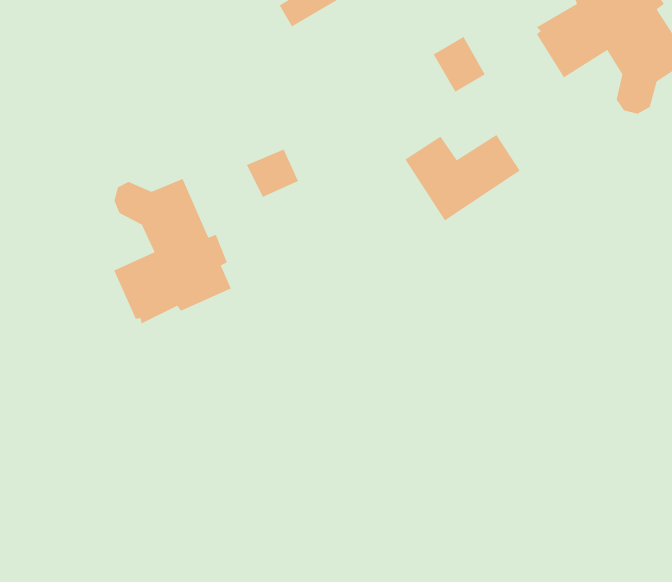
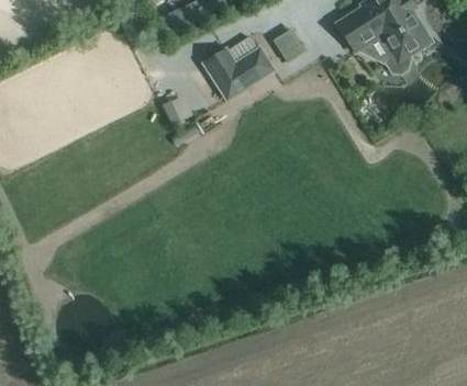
building: [405,134,521,221] -> [202,47,273,100]
building: [113,178,231,324] -> none

